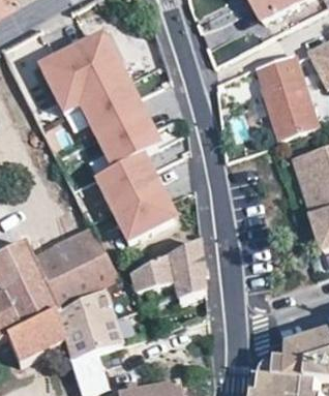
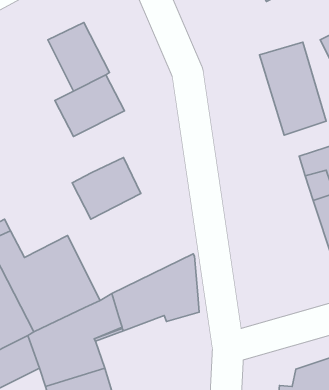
building: [37,51,92,113] -> none
building: [92,114,154,169] -> none
building: [108,187,169,242] -> none

